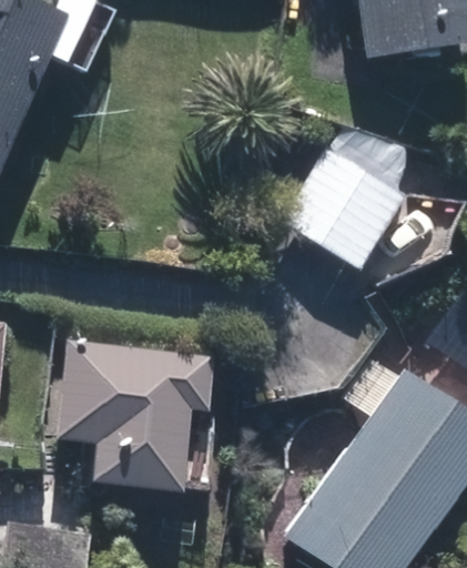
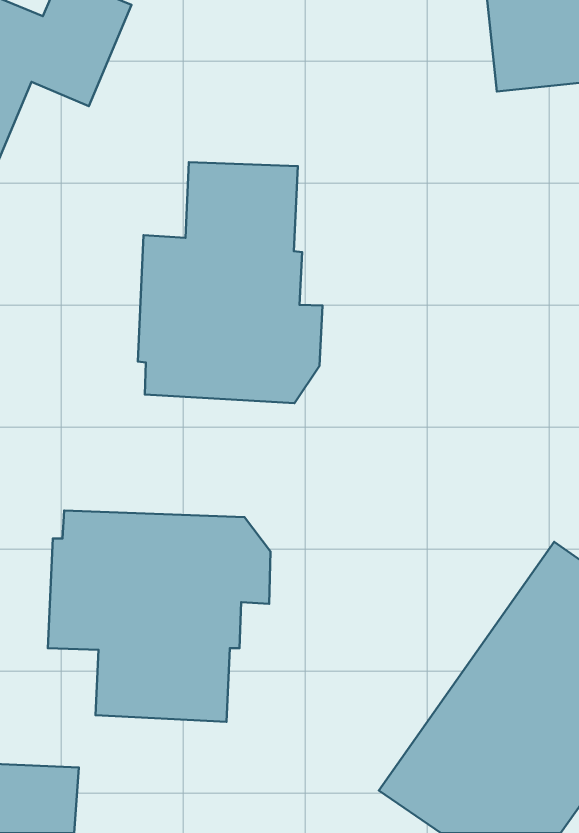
building: none -> [138,162,323,403]
building: [278,144,406,271] -> none

